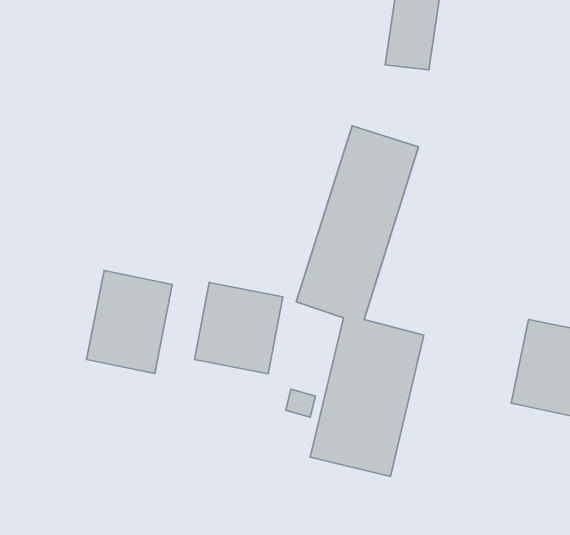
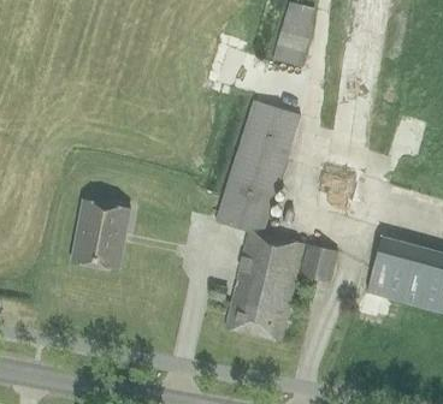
building: [194,282,283,374] -> none
building: none -> [299,245,336,284]

